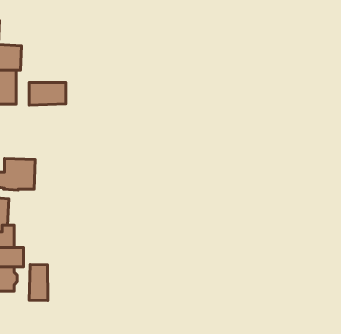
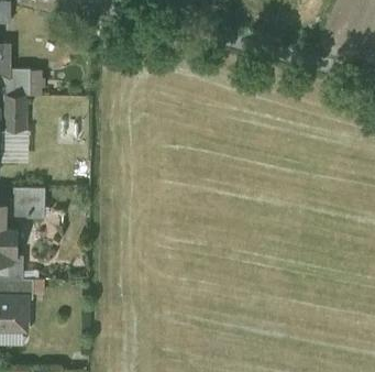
building: [29,83,66,105] -> none
building: [29,264,48,300] -> none

